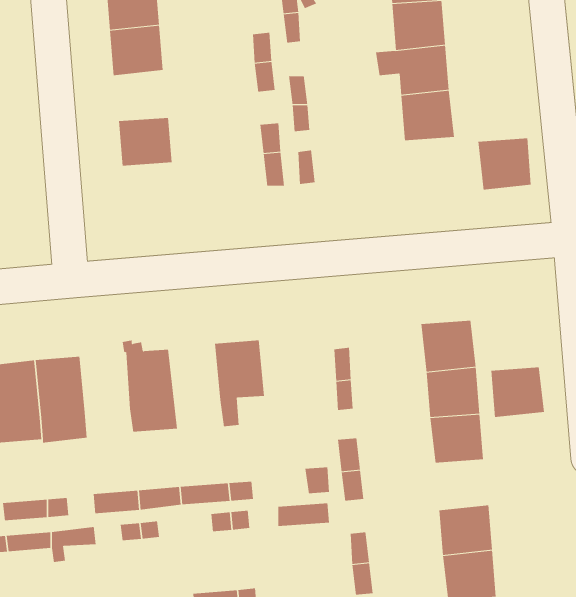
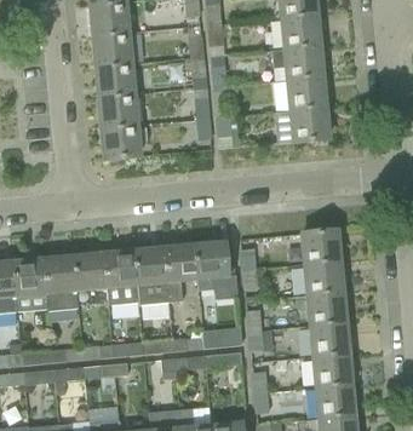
building: none -> [96,63,133,97]
building: [477,138,532,190] -> [291,108,327,143]
building: none -> [102,125,139,160]
building: none -> [194,241,237,299]
building: none -> [133,246,170,306]
building: none -> [74,252,107,292]
building: [491,367,545,418] -> [311,323,348,357]

